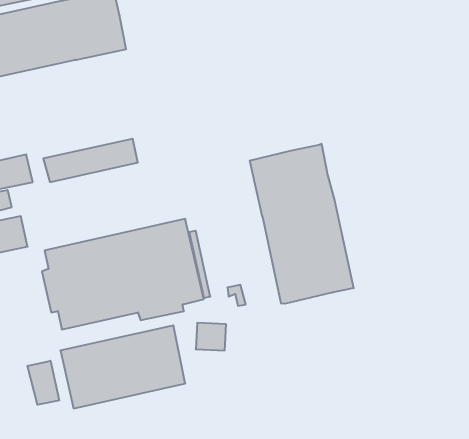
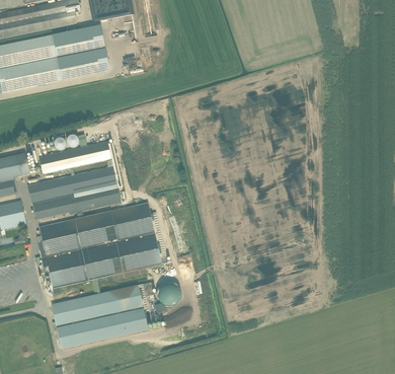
building: [250,144,354,304] -> none
building: none -> [27,165,122,219]
building: [28,361,59,405] -> none

